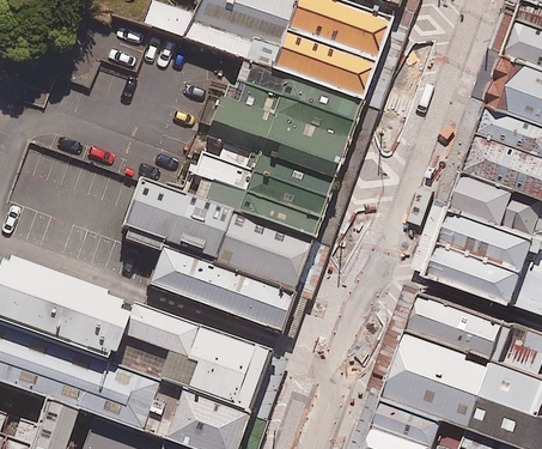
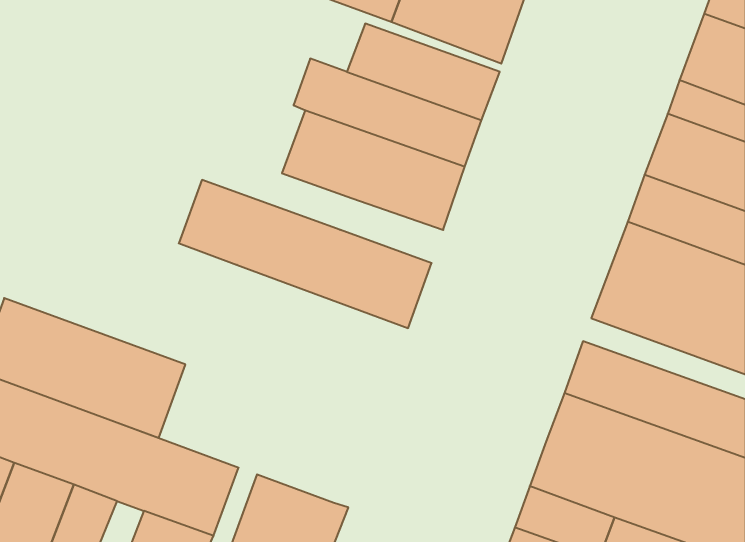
building: [245,189,319,236] -> none
building: [154,237,294,327] -> none
building: [115,304,262,408] -> none

